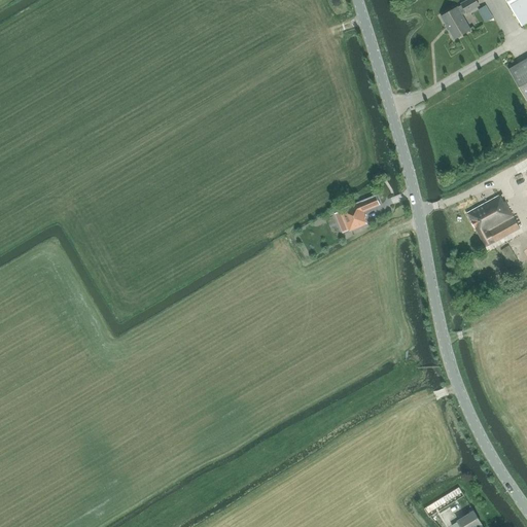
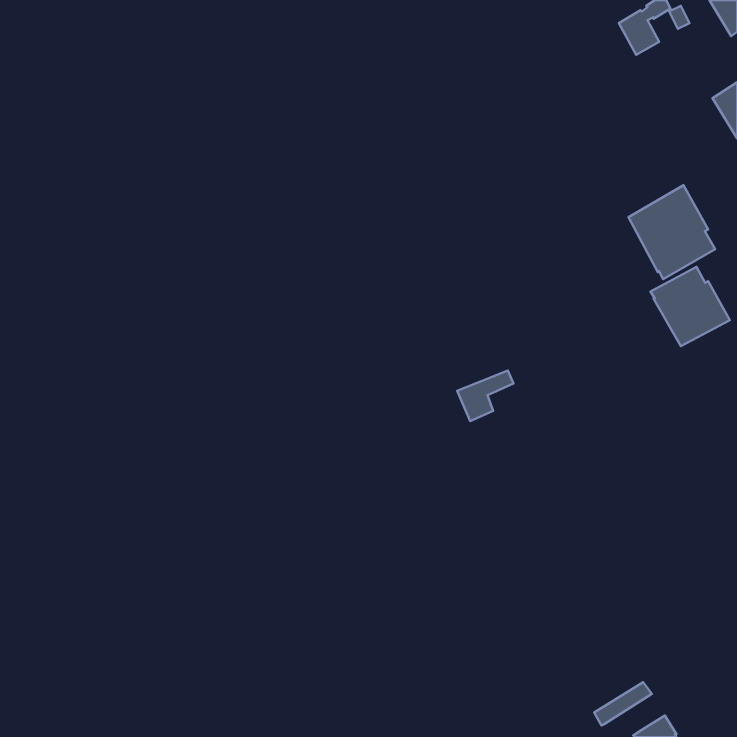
building: none -> [629,185,715,279]
building: [341,196,381,232] -> [457,371,513,421]

